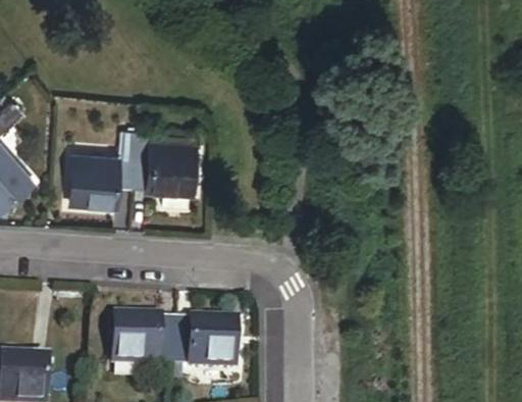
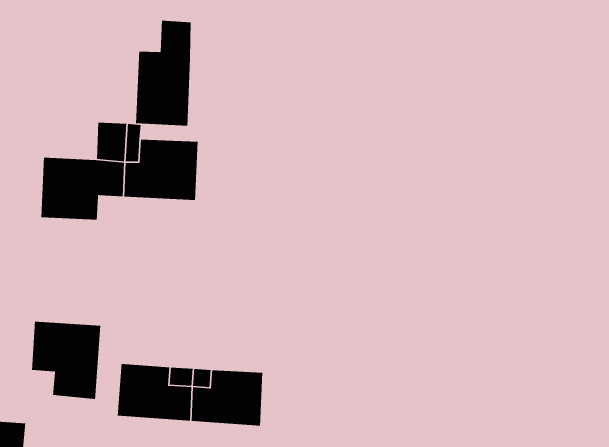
building: none -> [135,20,191,126]
building: none -> [31,321,101,400]

